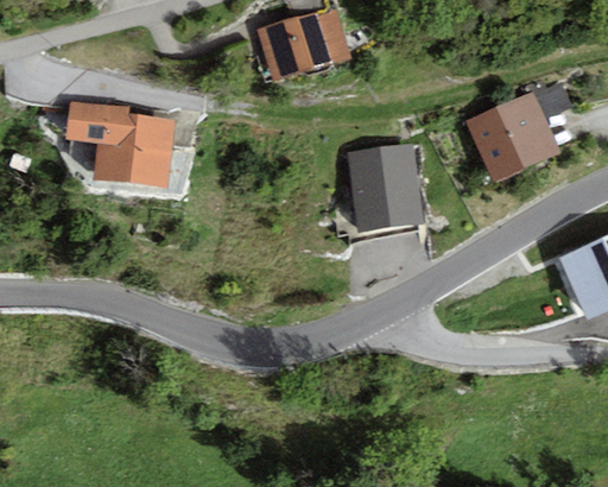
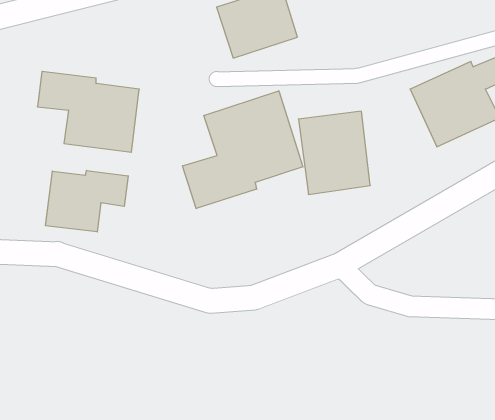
building: none -> [183,91,303,209]
building: none -> [46,170,128,232]

